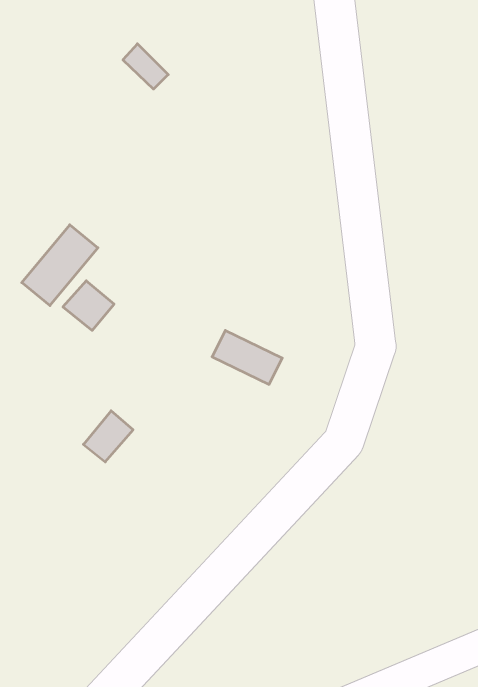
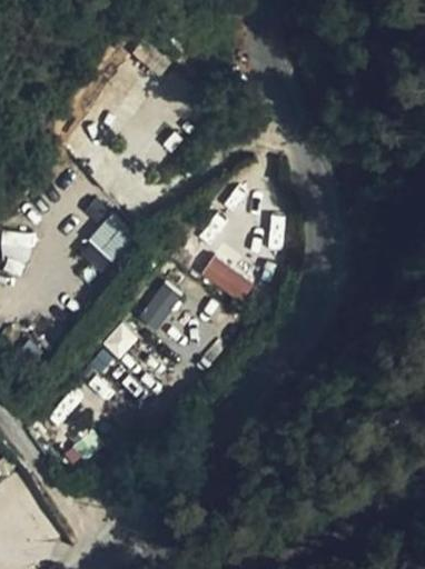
building: [22,225,98,306] -> none
building: none -> [138,282,184,332]

